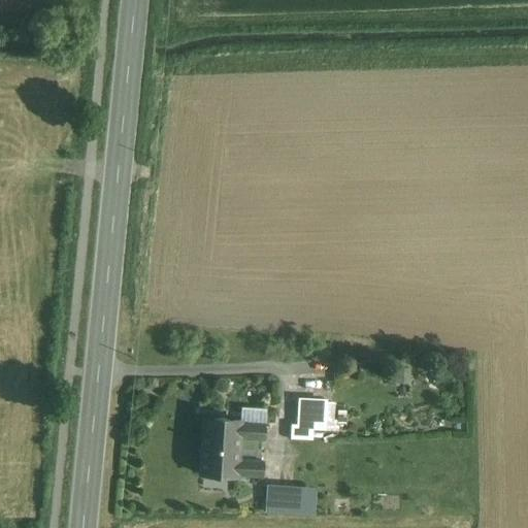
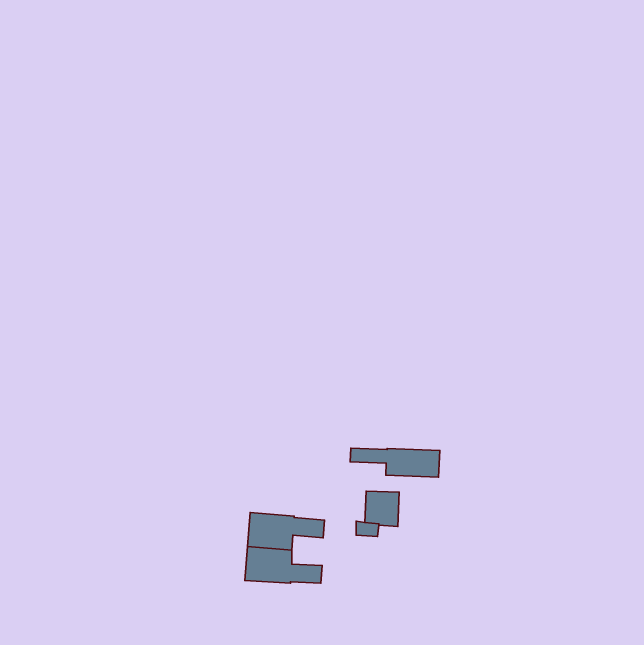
building: none -> [350,448,440,477]
building: [268,489,305,510] -> none

